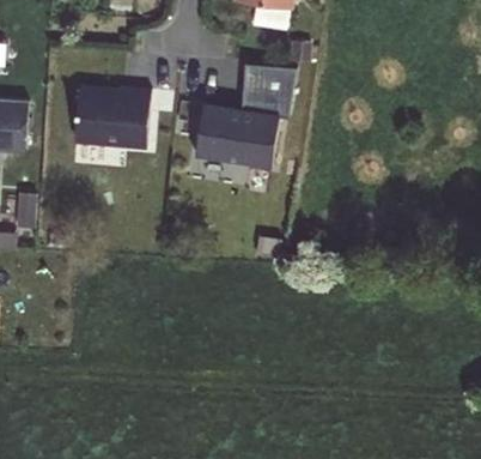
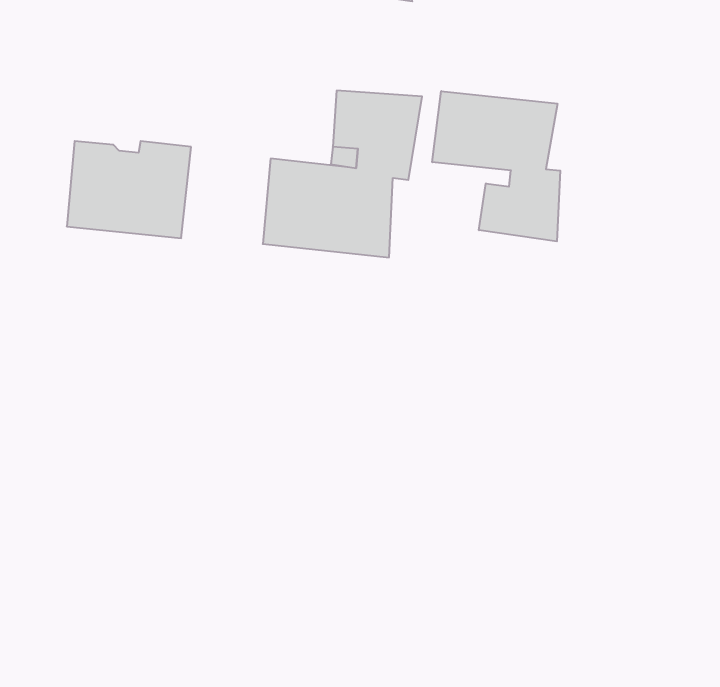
building: none -> [432,91,560,241]

